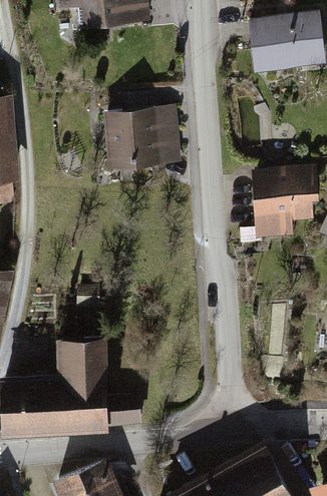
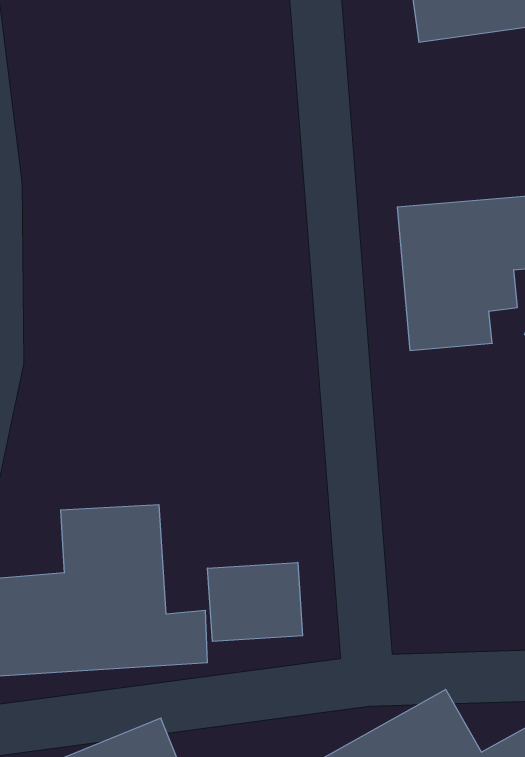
building: [102,105,182,175] -> none
building: none -> [208,562,303,641]

